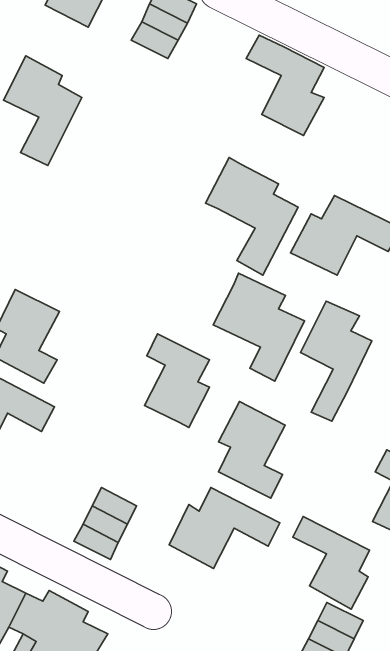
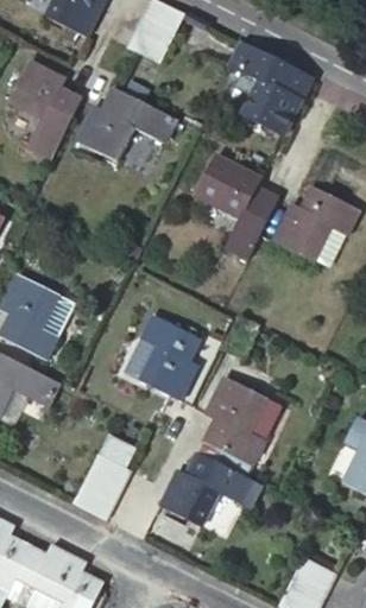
building: none -> [74,87,182,164]
building: [213,273,305,381] -> none
building: [301,301,372,421] -> none
building: [293,516,370,609] -> none

